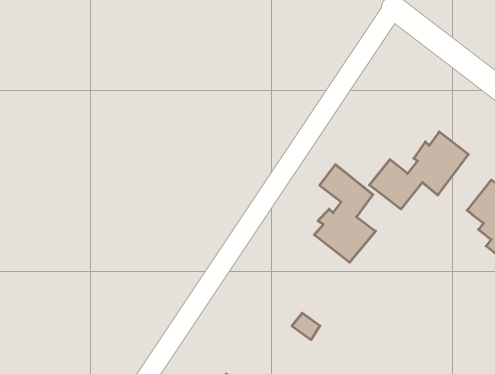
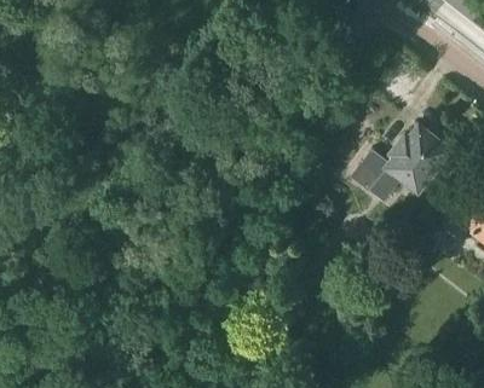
building: [314,165,376,262] -> none

